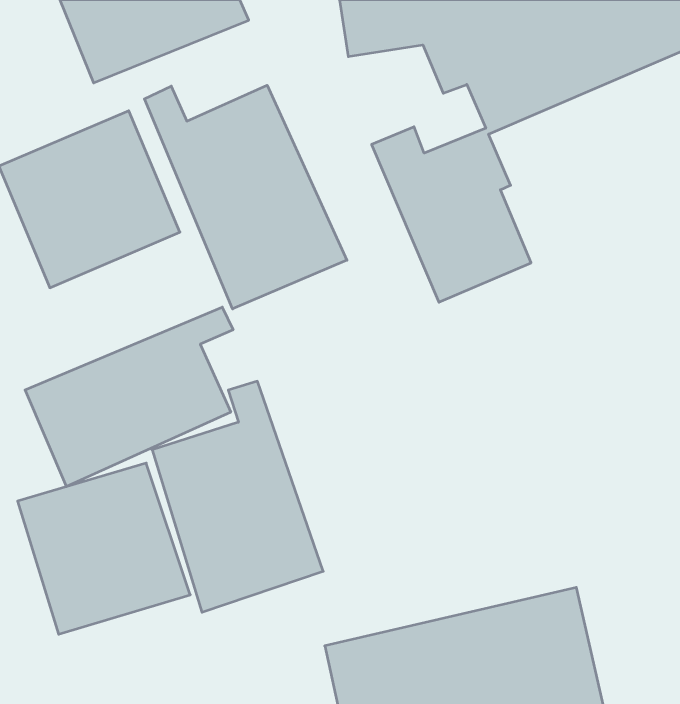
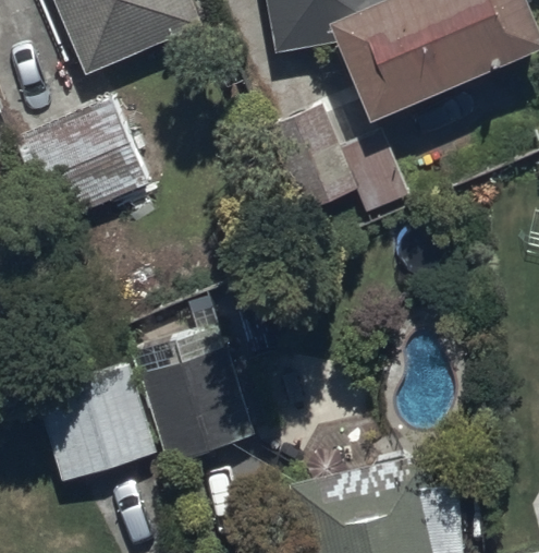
building: [144,85,347,309] -> none
building: [25,307,233,487] -> none

